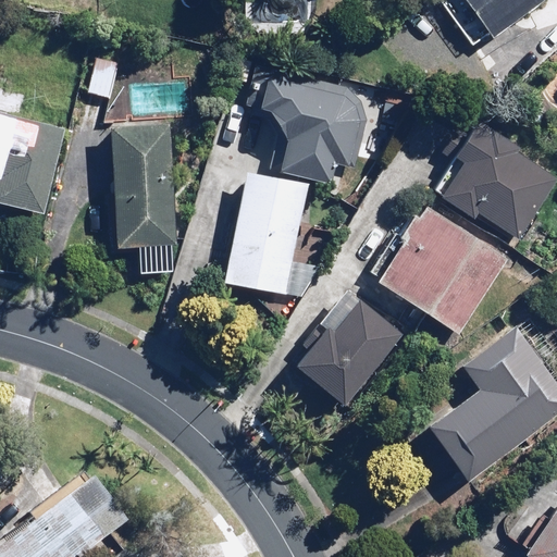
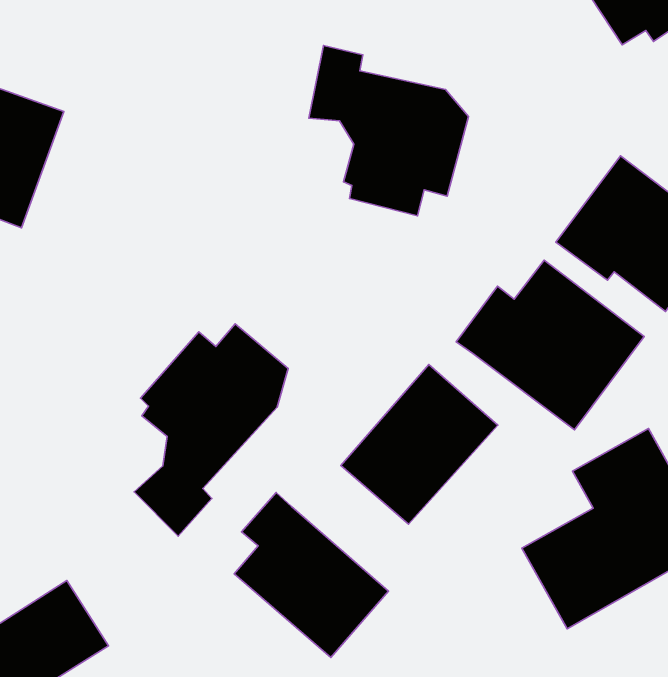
building: [113,125,178,245] -> none
building: [228,174,307,292] -> none
building: none -> [134,324,288,536]
building: none -> [234,493,389,657]

